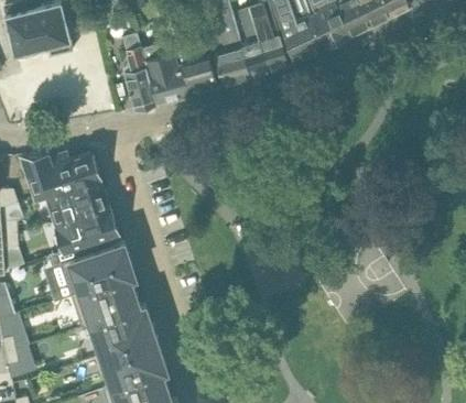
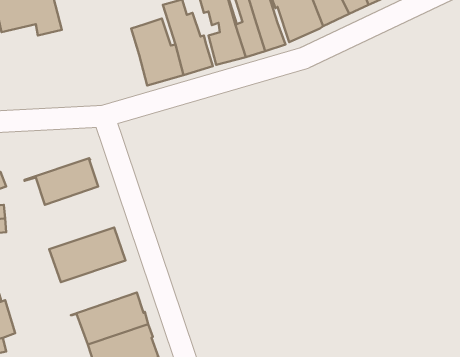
building: [121,33,154,110] -> none
building: [21,152,98,196] -> none
building: [55,203,118,250] -> none
building: [71,274,144,327] -> none

